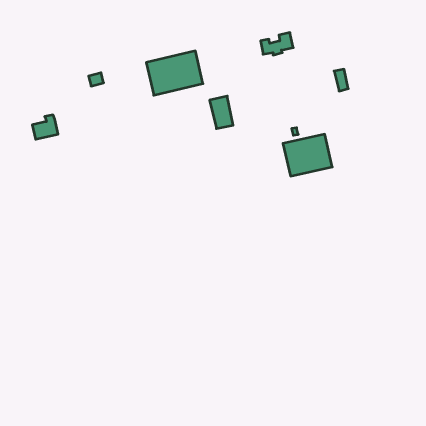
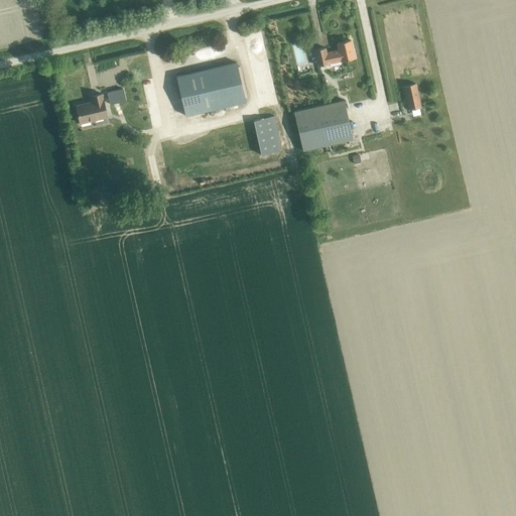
building: [32,115,58,139] -> [77,95,108,124]
building: [283,134,332,176] -> [294,101,354,151]

